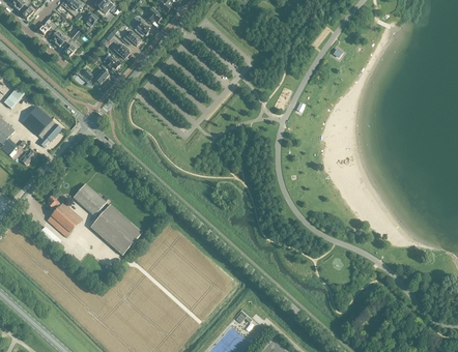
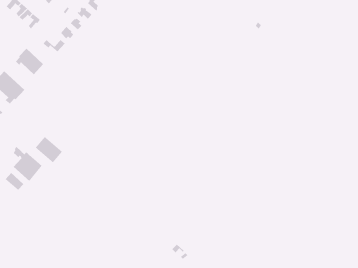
building: none -> [15,48,44,75]
building: [90,205,141,255] -> none

